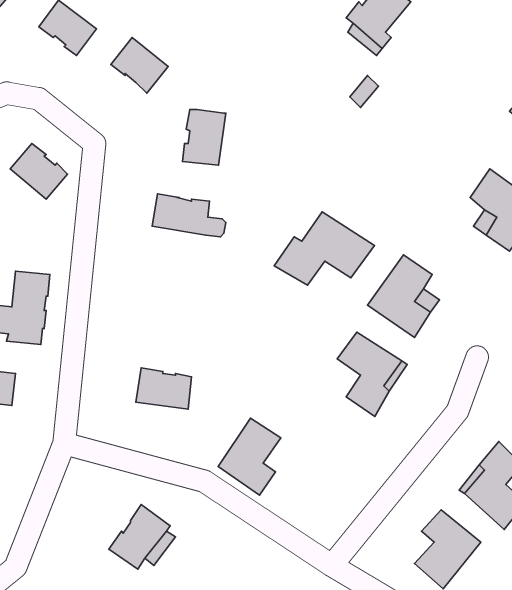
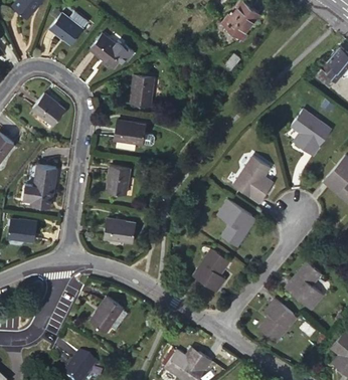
building: [274,212,375,285] -> none
building: none -> [107,165,130,194]
building: [218,418,281,495] -> [192,248,227,292]

